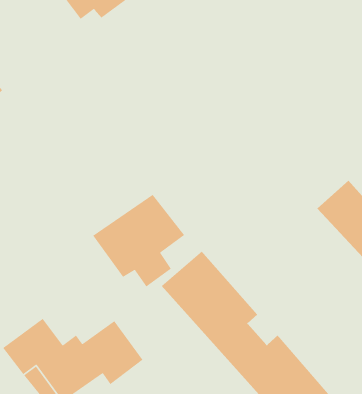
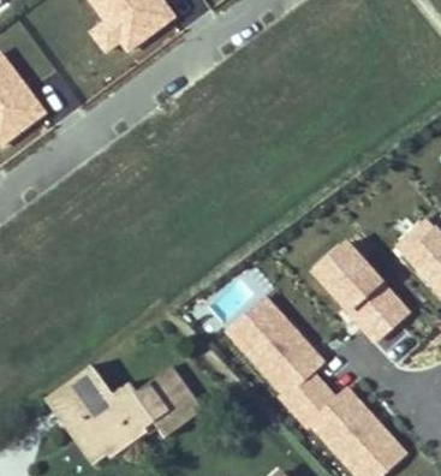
building: [92,194,185,287] -> none
building: none -> [305,236,410,345]

